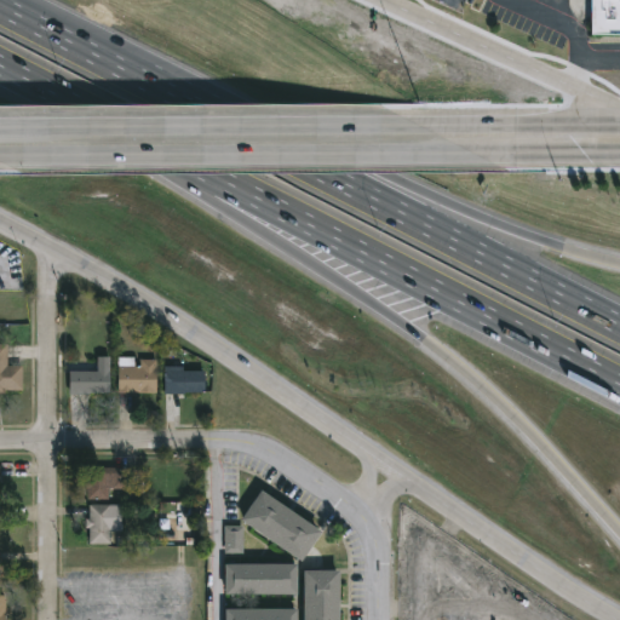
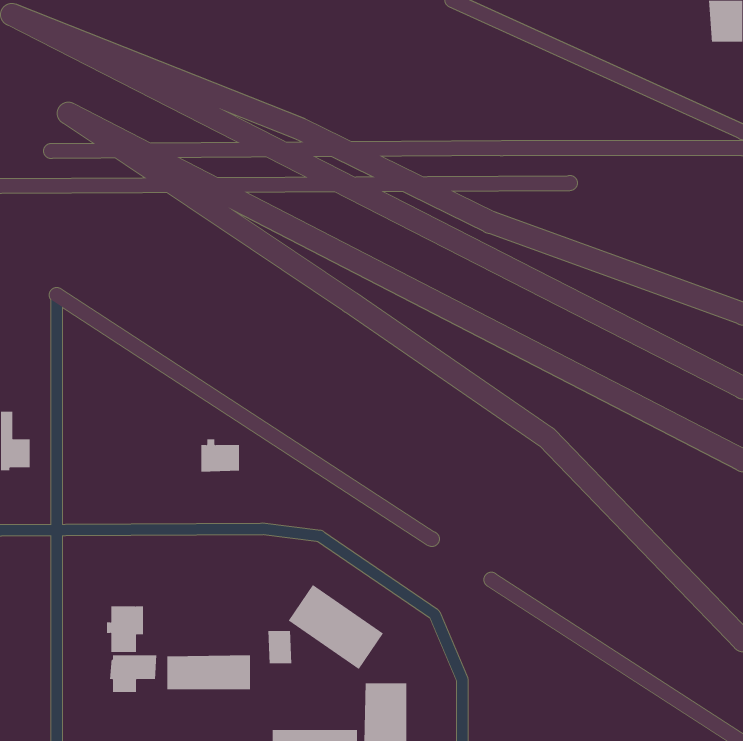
building: [73,357,114,395] -> none
building: [120,358,159,394] -> none
building: [87,469,127,500] -> [109,655,157,693]
building: [225,563,295,592] -> [167,655,251,690]

